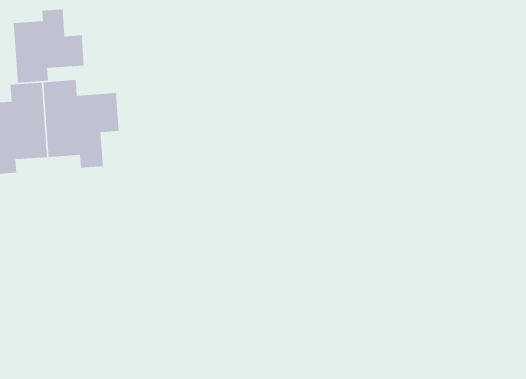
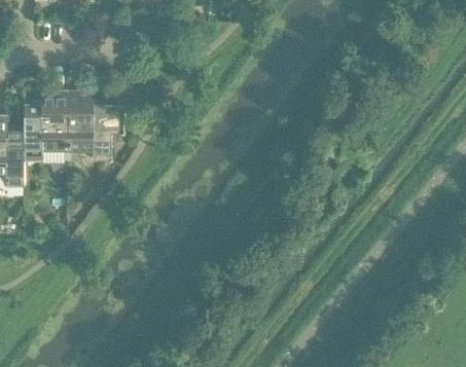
building: [13,9,85,83] -> none

